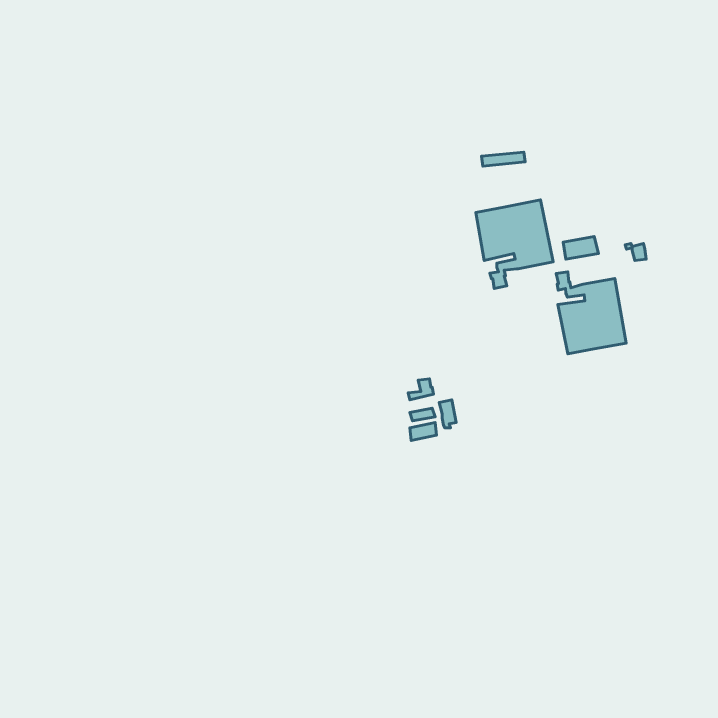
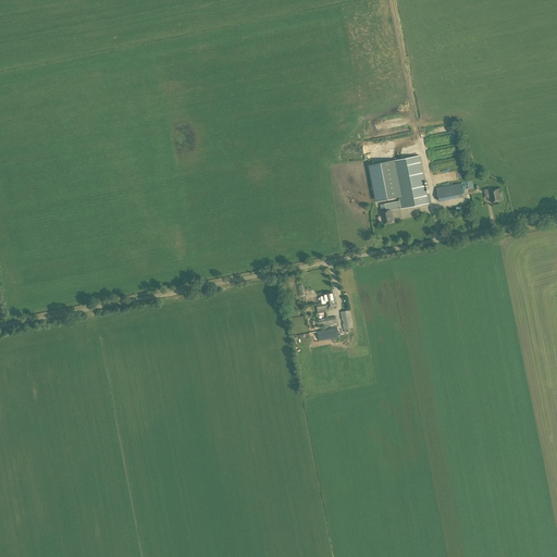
building: [556,272,626,354] -> none

